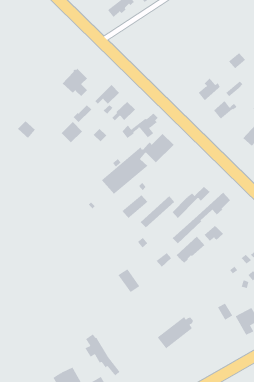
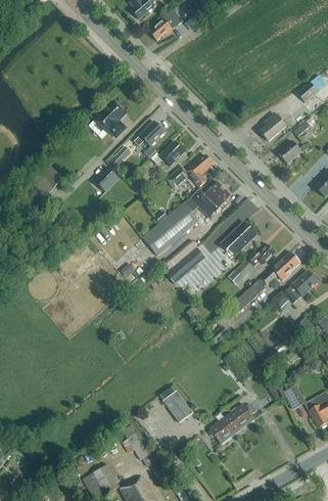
building: none -> [220,221,256,255]
building: [176,236,205,264] -> [282,270,318,304]
building: [118,269,140,293] -> [163,393,191,422]

